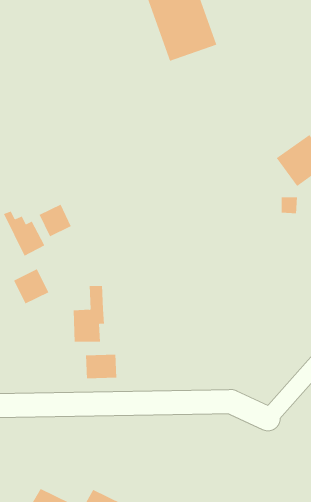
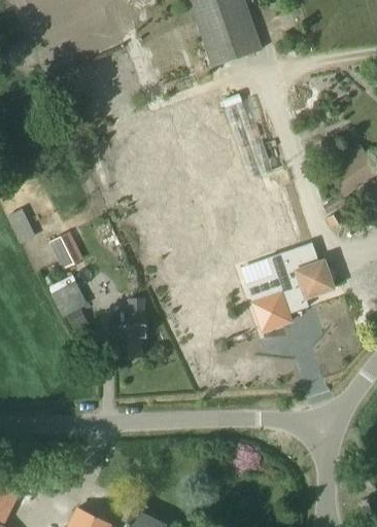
building: [39,204,72,237] -> none
building: none -> [246,243,335,332]
building: [86,354,117,379] -> none

